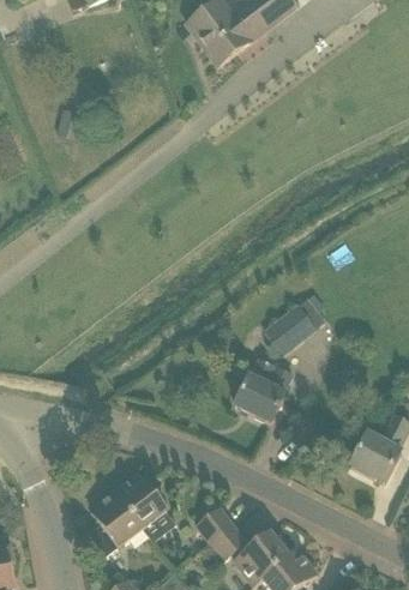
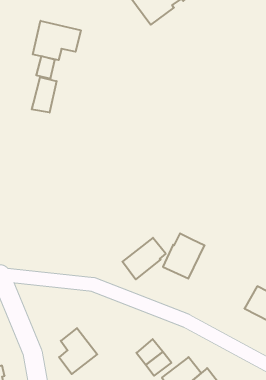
building: none -> [33,21,81,60]
building: none -> [32,77,57,113]
building: [261,297,323,356] -> [122,238,166,279]
building: [113,474,166,529] -> none

